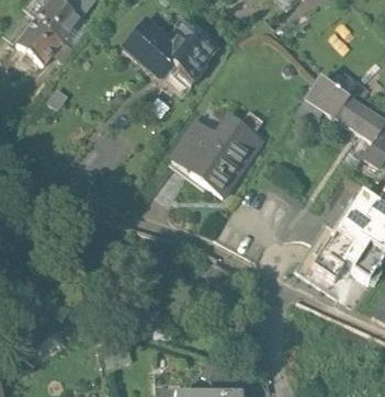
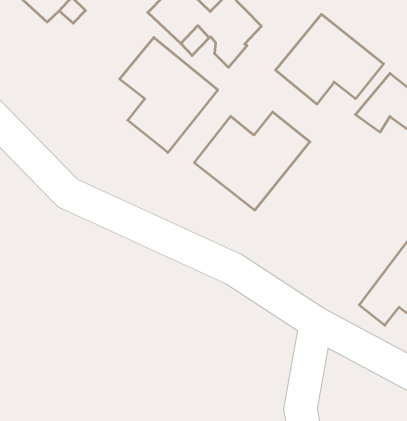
building: none -> [276,14,384,104]
building: none -> [120,37,218,153]

